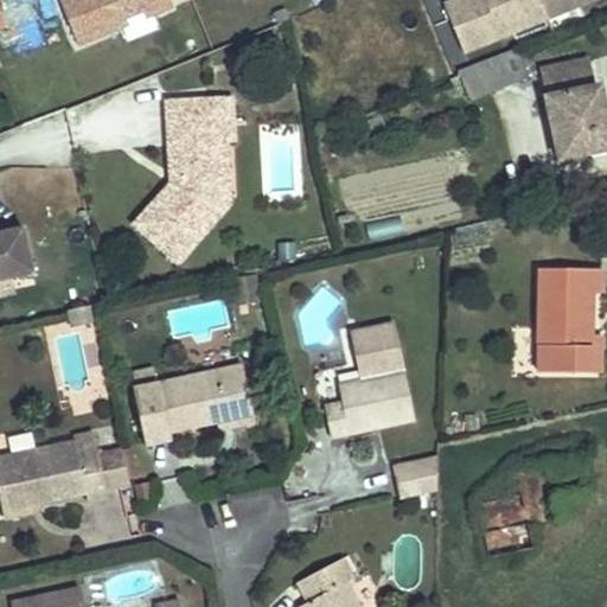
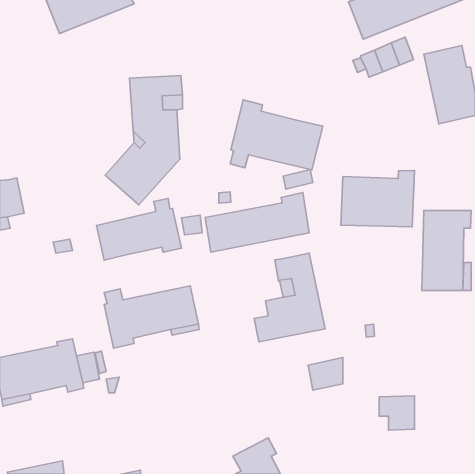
building: none -> [230,100,323,170]
building: none -> [341,171,414,227]
building: none -> [205,193,309,252]
building: none -> [96,198,182,260]

